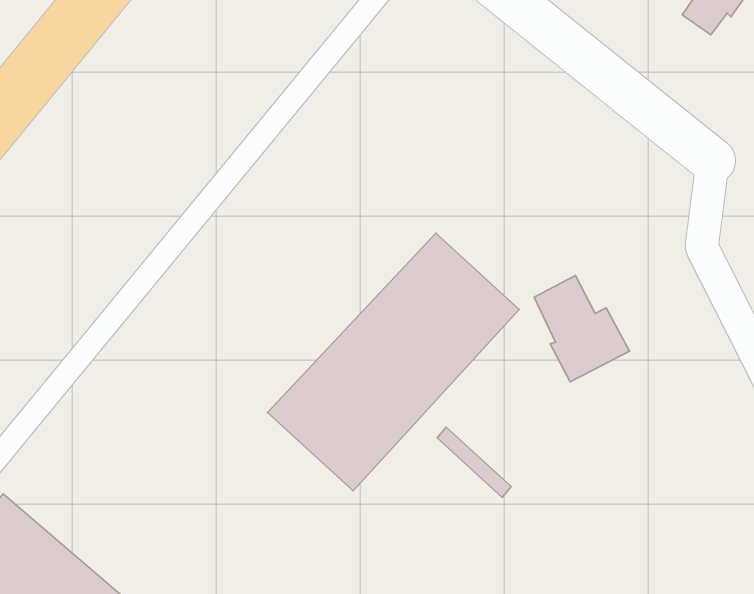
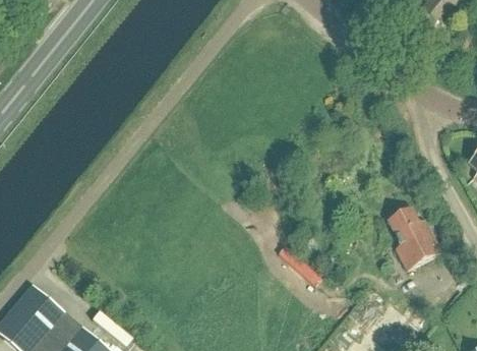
building: [267,233,519,491] -> none
building: [534,276,629,382] -> [387,209,441,269]

